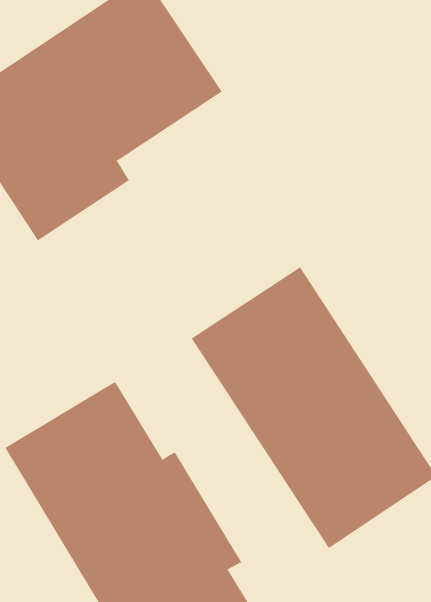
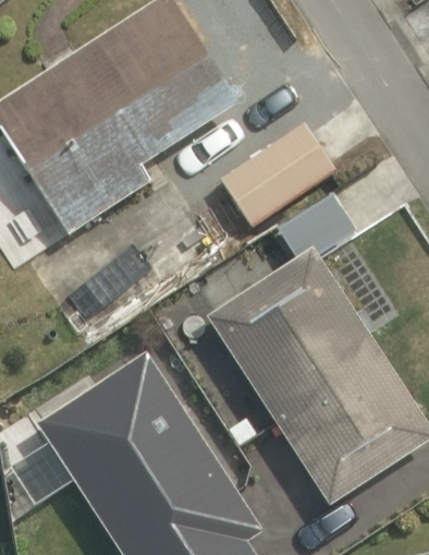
building: none -> [216,119,335,227]

